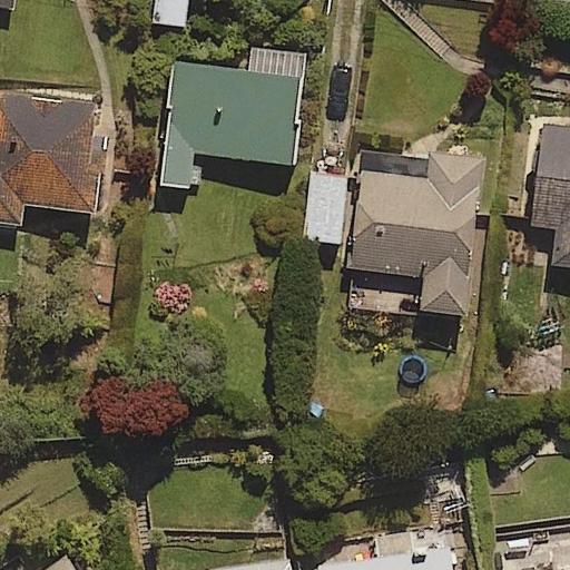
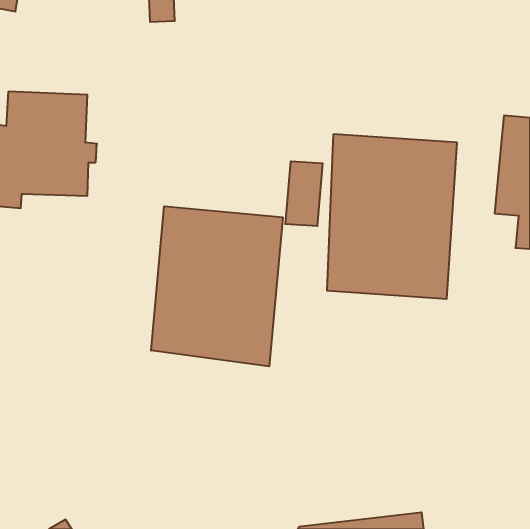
building: [163,52,304,187] -> none
building: none -> [151,206,283,366]

